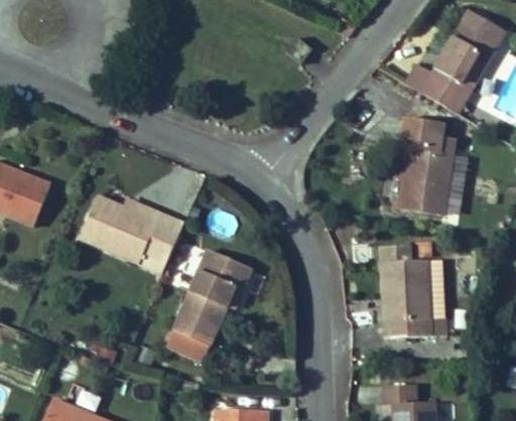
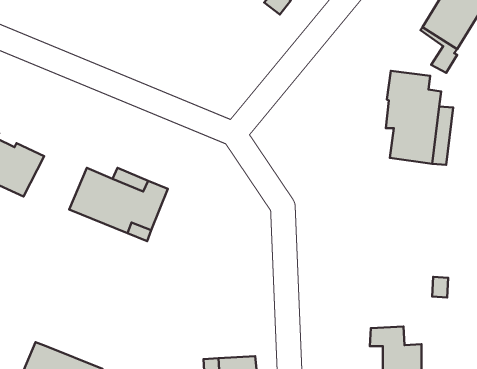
building: [406,62,460,108] -> none
building: [152,245,235,354] -> none
building: [380,252,430,340] -> none

